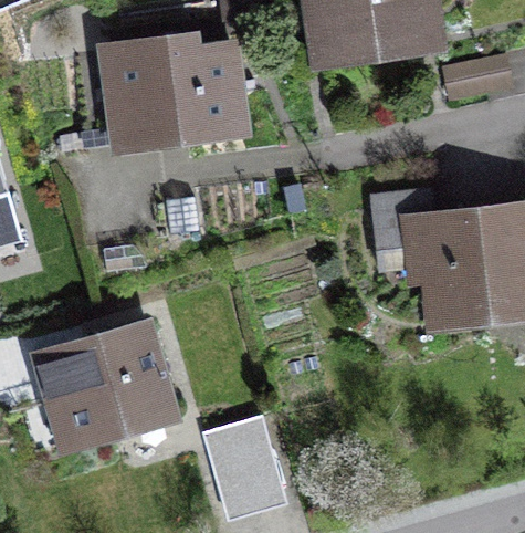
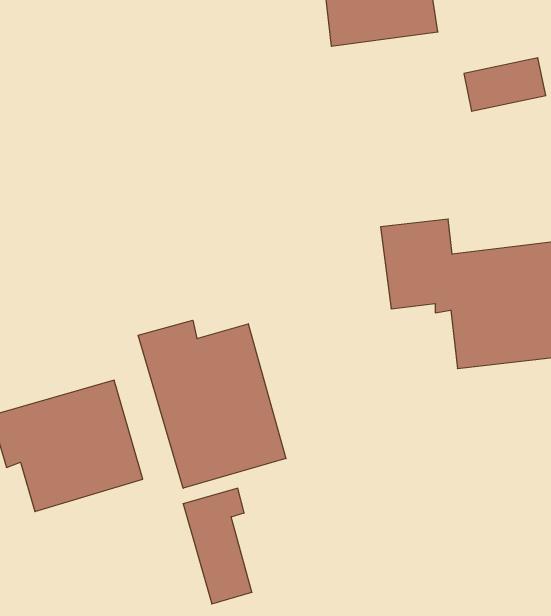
building: [76,41,242,145] -> none
building: none -> [138,320,286,488]

